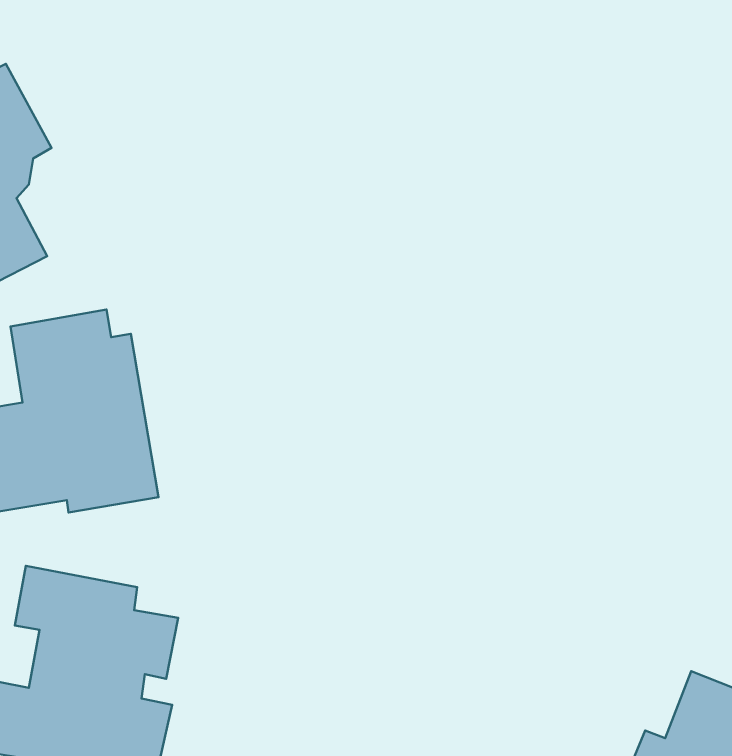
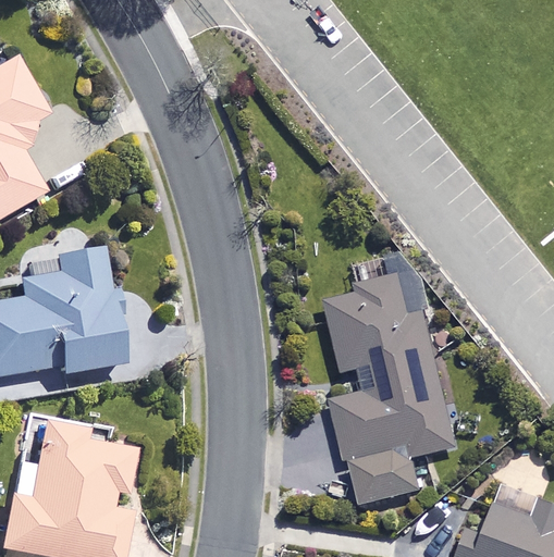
building: none -> [322,250,455,504]

